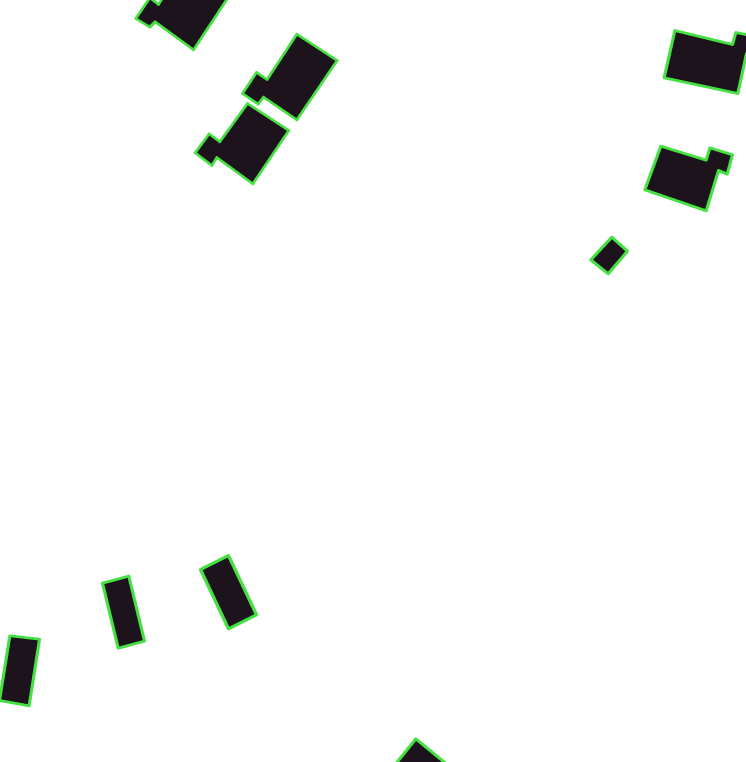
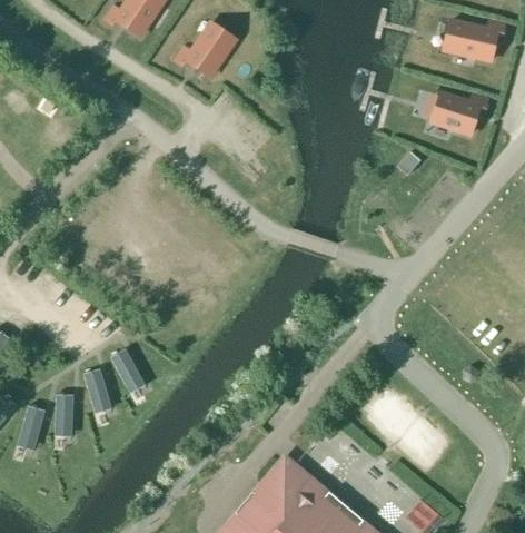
building: [195,104,289,184] -> none
building: [200,556,256,629] -> [110,346,146,393]
building: none -> [55,393,75,436]

